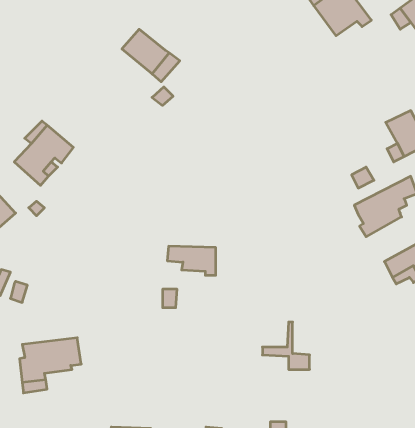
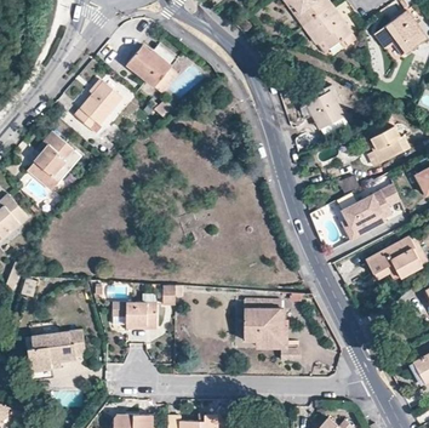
building: none -> [74,81,120,131]
building: none -> [309,92,347,131]
building: [167,246,216,275] -> [111,303,156,330]
building: none -> [244,299,279,339]

